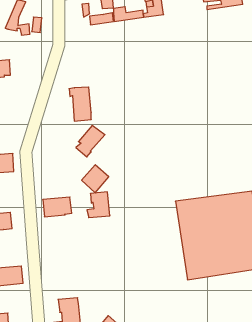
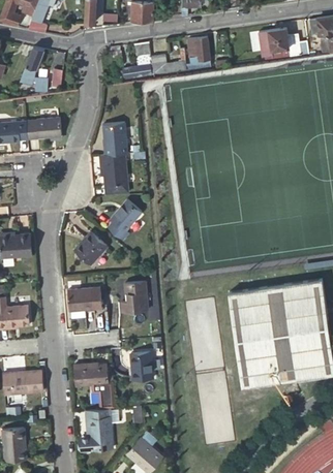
building: none -> [26,116,61,138]
building: none -> [102,121,126,154]
building: [82,165,109,193] -> [73,230,107,264]
building: none -> [130,351,153,379]
building: none -> [72,364,108,386]

